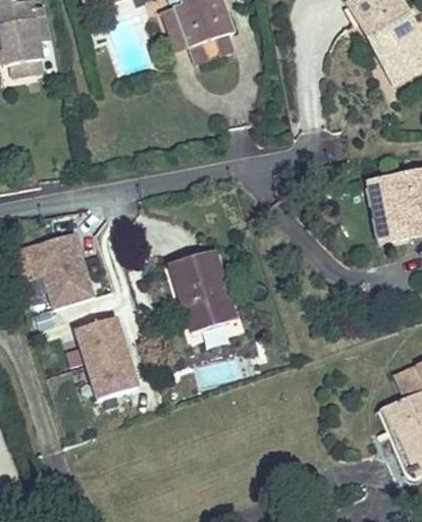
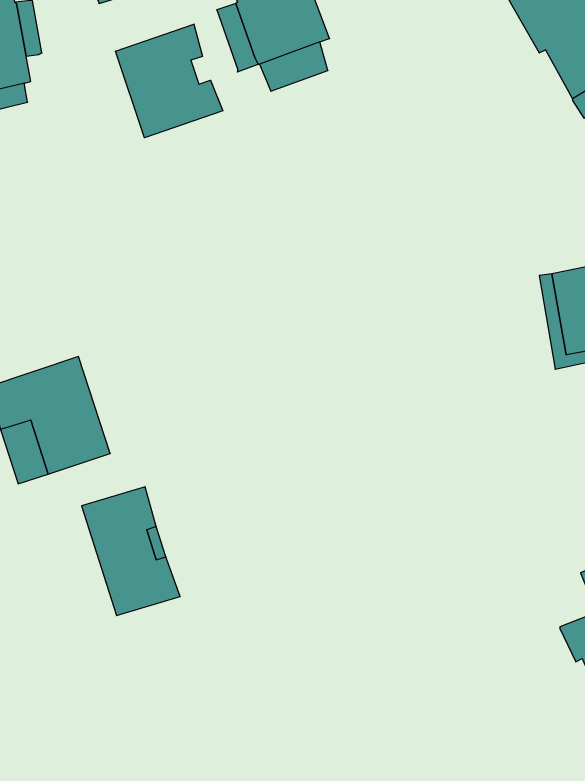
building: none -> [116,24,223,138]
building: [169,249,238,333] -> none

